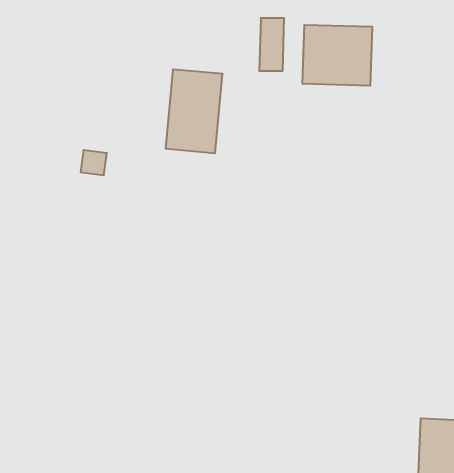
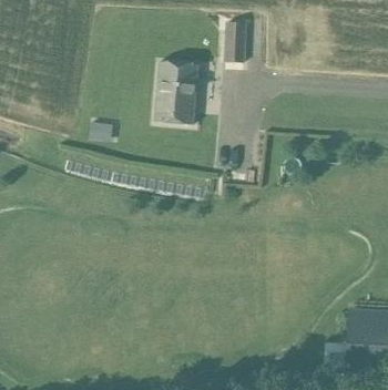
building: [303,25,372,86] -> none

